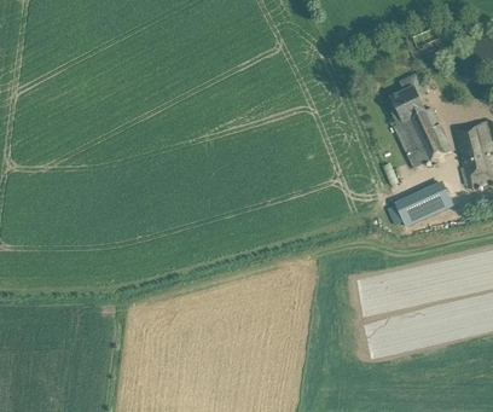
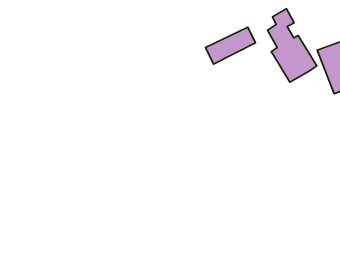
building: [387,182,453,227] -> [205,27,256,64]

